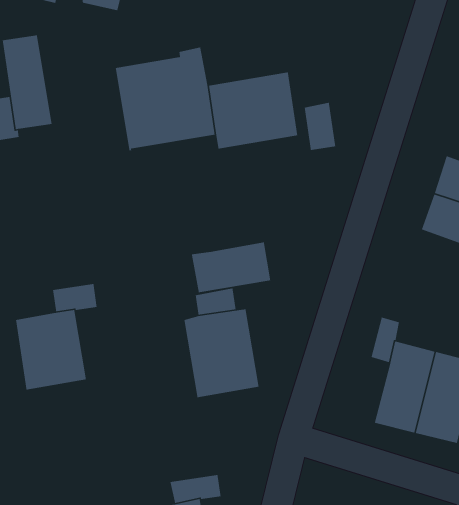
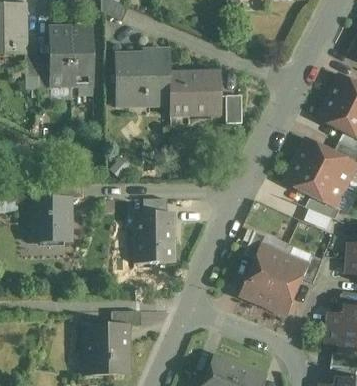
building: none -> [71,28,94,84]
building: [191,241,271,293] -> none

